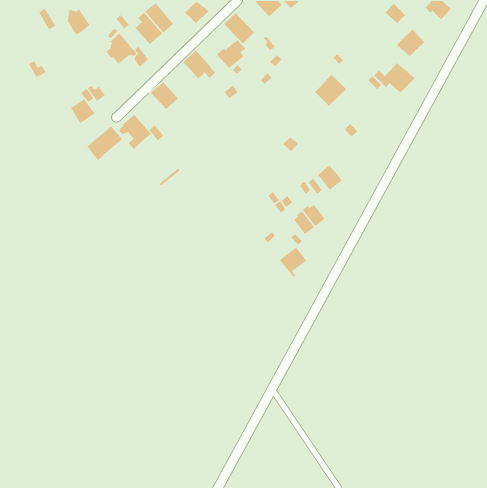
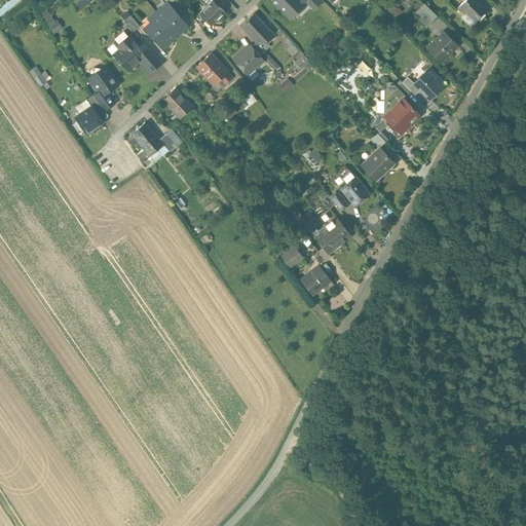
building: [67,8,91,36] -> [92,66,118,96]
building: [314,74,347,106] -> [384,97,419,132]
building: [86,125,123,161] -> none
building: none -> [364,150,393,180]

